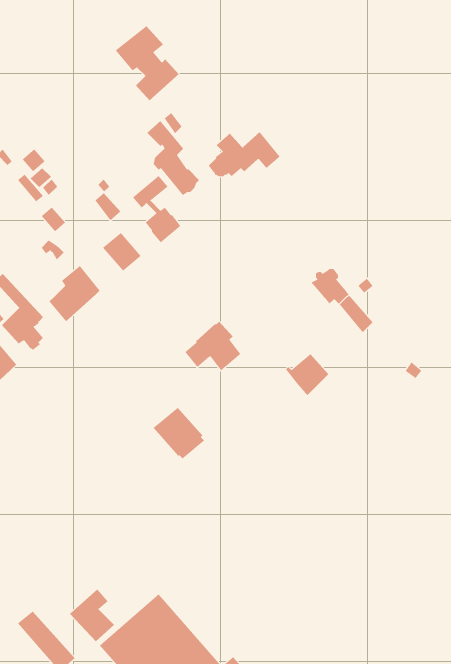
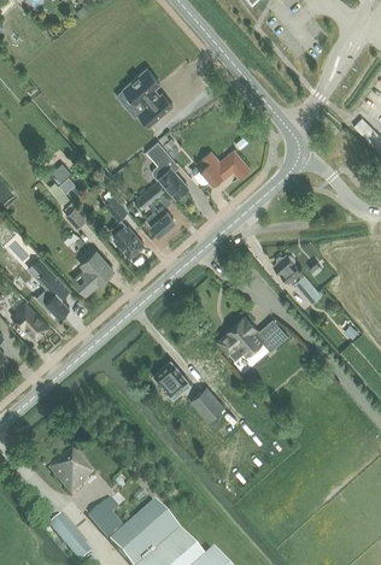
building: [185,321,241,371] -> [218,317,262,355]
building: none -> [189,387,223,422]
building: none -> [49,449,94,495]

